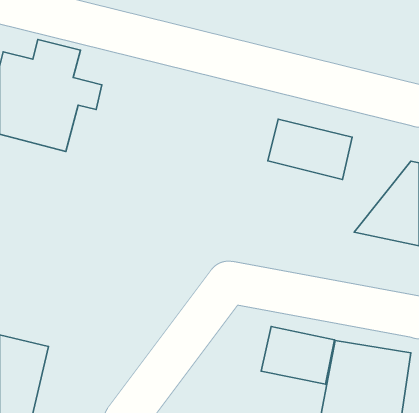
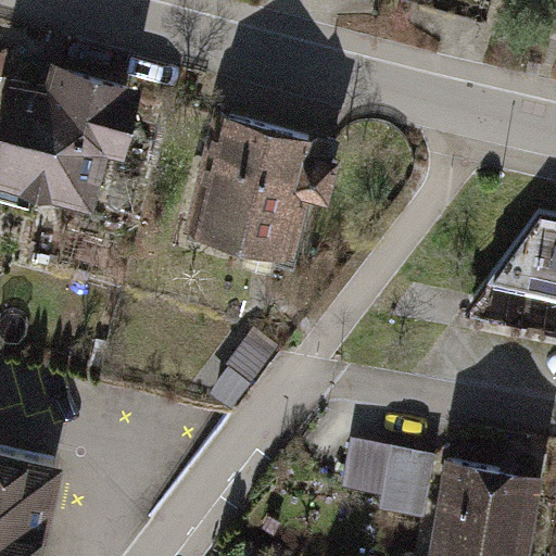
building: none -> [188,121,340,261]
building: [268,119,352,179] -> none

